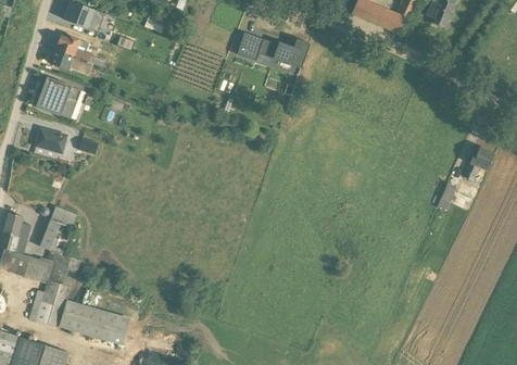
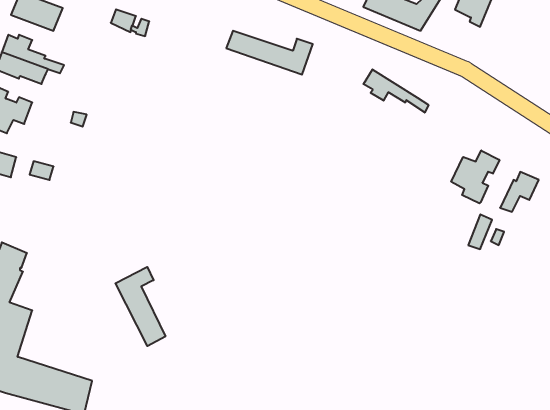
building: none -> [363,69,428,113]
building: none -> [451,150,499,203]
building: none -> [115,267,165,346]

